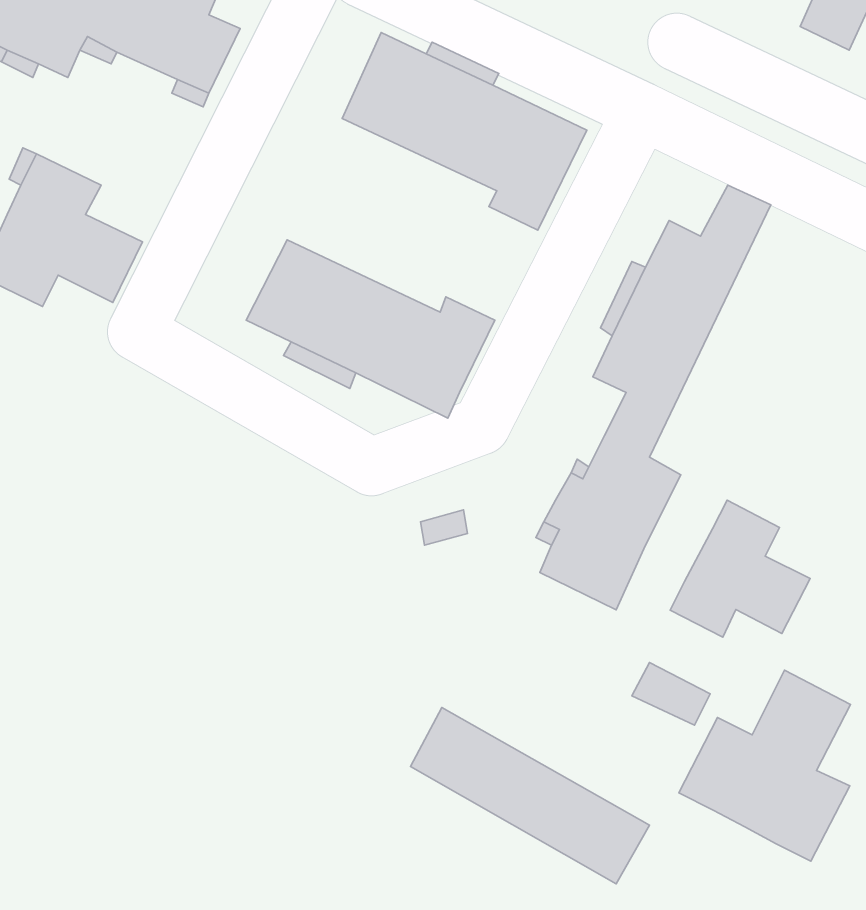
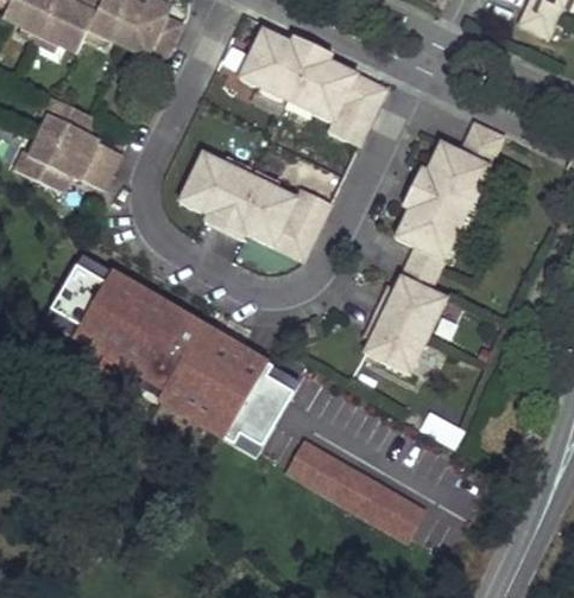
building: none -> [39,256,295,451]
building: [670,500,810,637] -> none
building: [679,670,851,861] -> none

